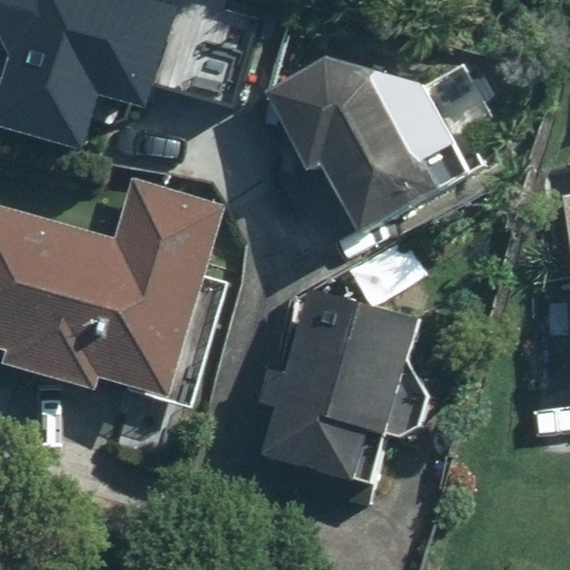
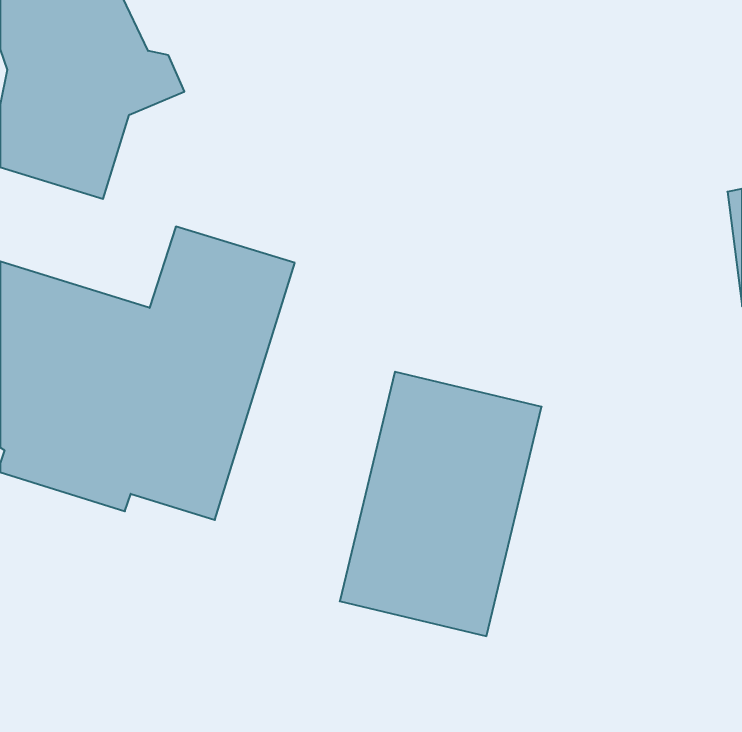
building: [274,26,475,238] -> none

